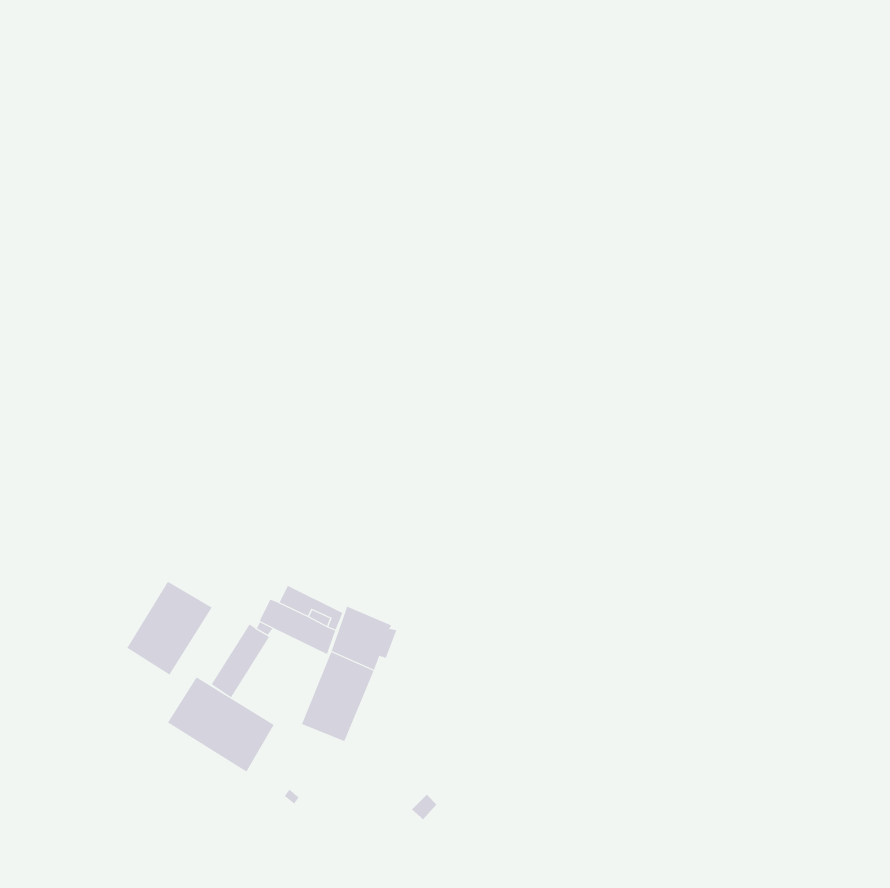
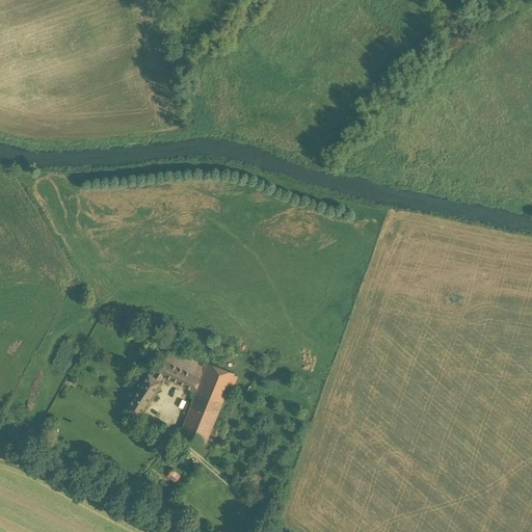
building: [126,581,212,676] -> none
building: [167,677,274,773] -> none

